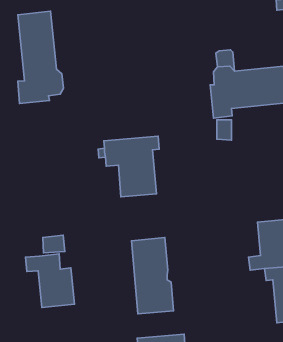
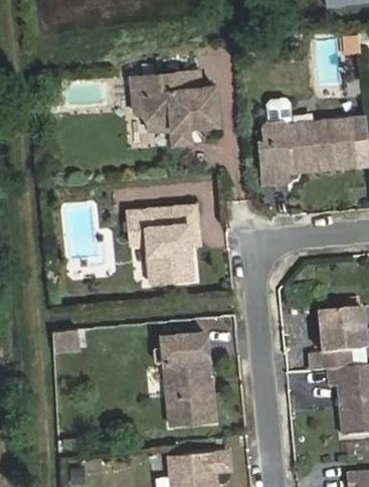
building: [18,11,64,104] -> none
building: none -> [131,69,218,143]
building: [26,254,74,307] -> none

